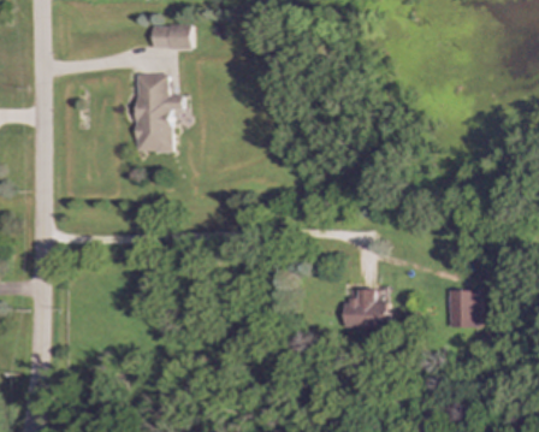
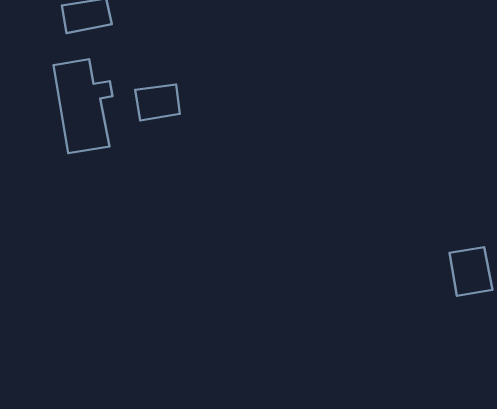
building: none -> [135,84,180,120]
building: [342,289,385,329] -> none

